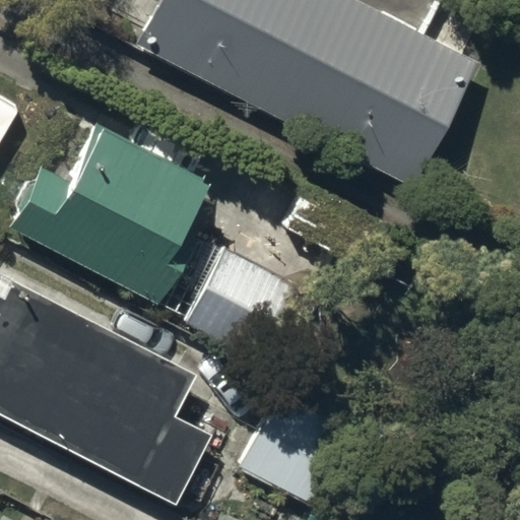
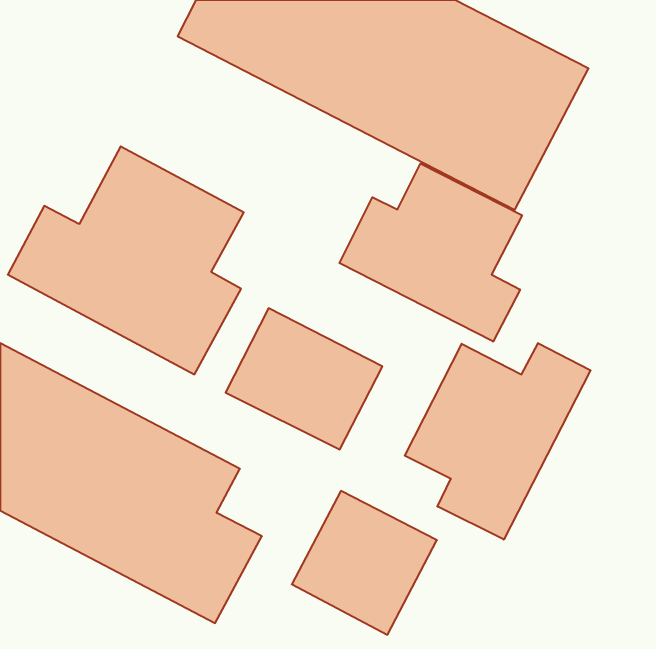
building: none -> [339,164,522,342]
building: none -> [405,343,591,540]

